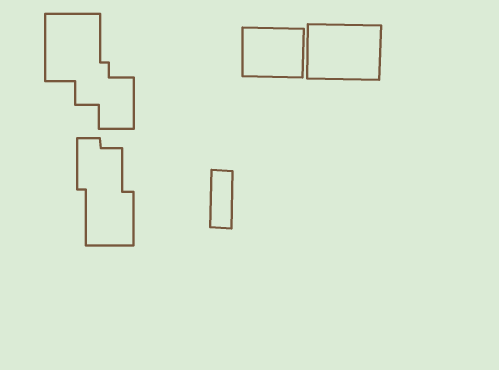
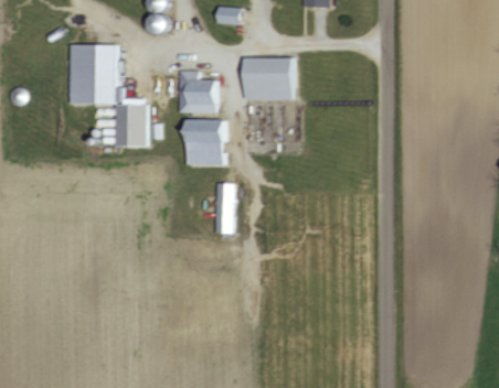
building: [307,24,381,80] -> none
building: [77,138,133,246] -> [178,71,227,165]

